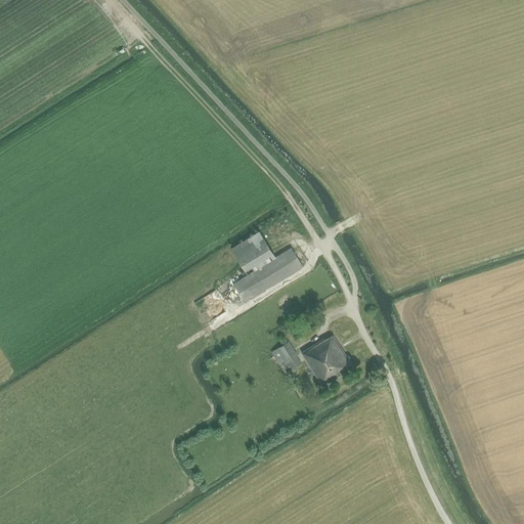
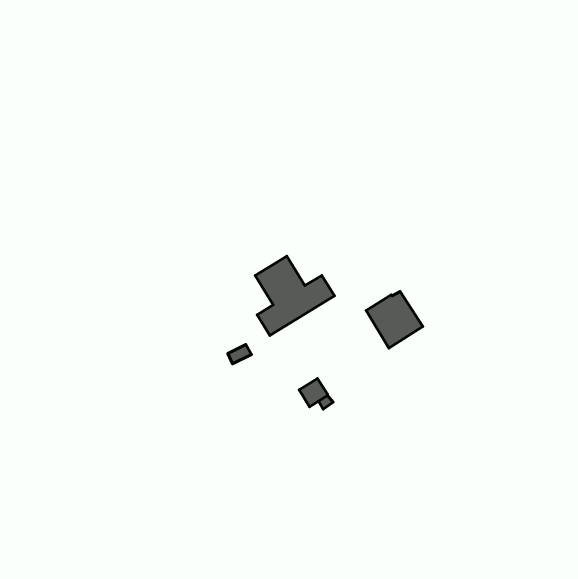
building: [301,336,352,387] -> [366,291,423,348]

